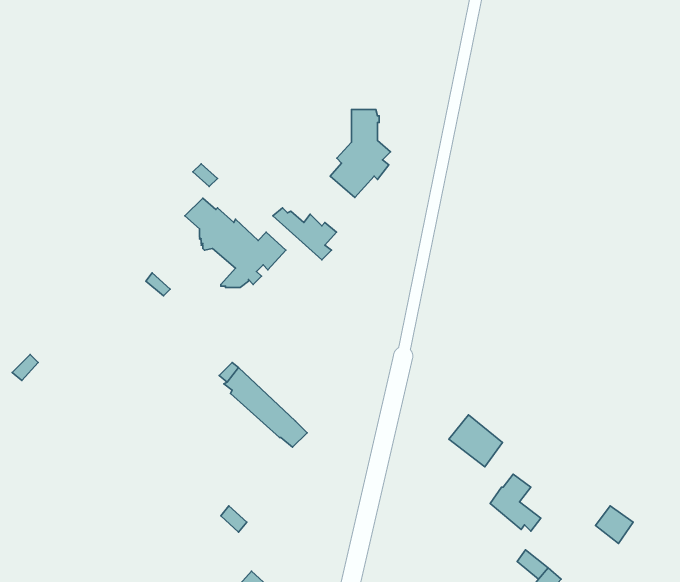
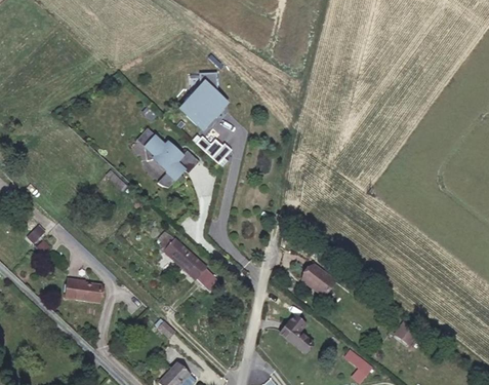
building: [330,109,391,197] -> [187,73,225,128]
building: none -> [65,278,100,302]
building: [490,474,541,531] -> [280,314,312,350]

